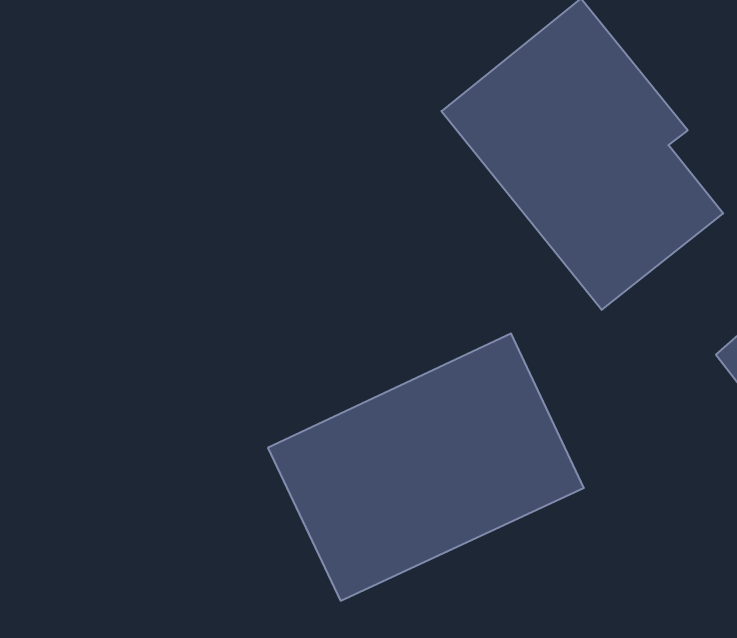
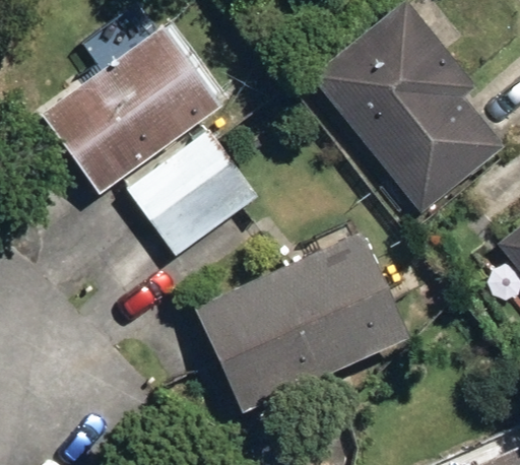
building: none -> [40,22,221,194]
building: none -> [123,124,260,257]

